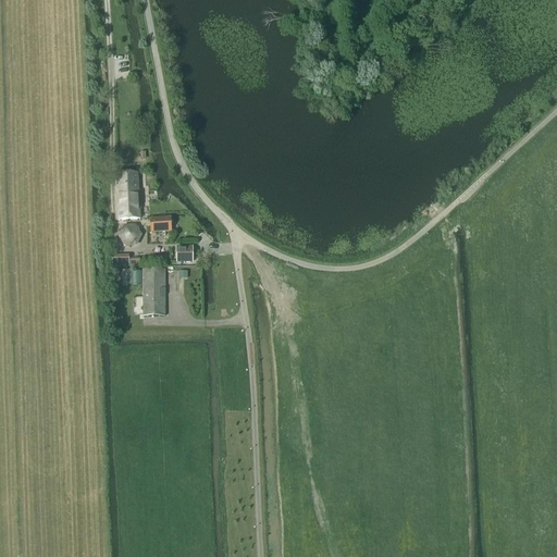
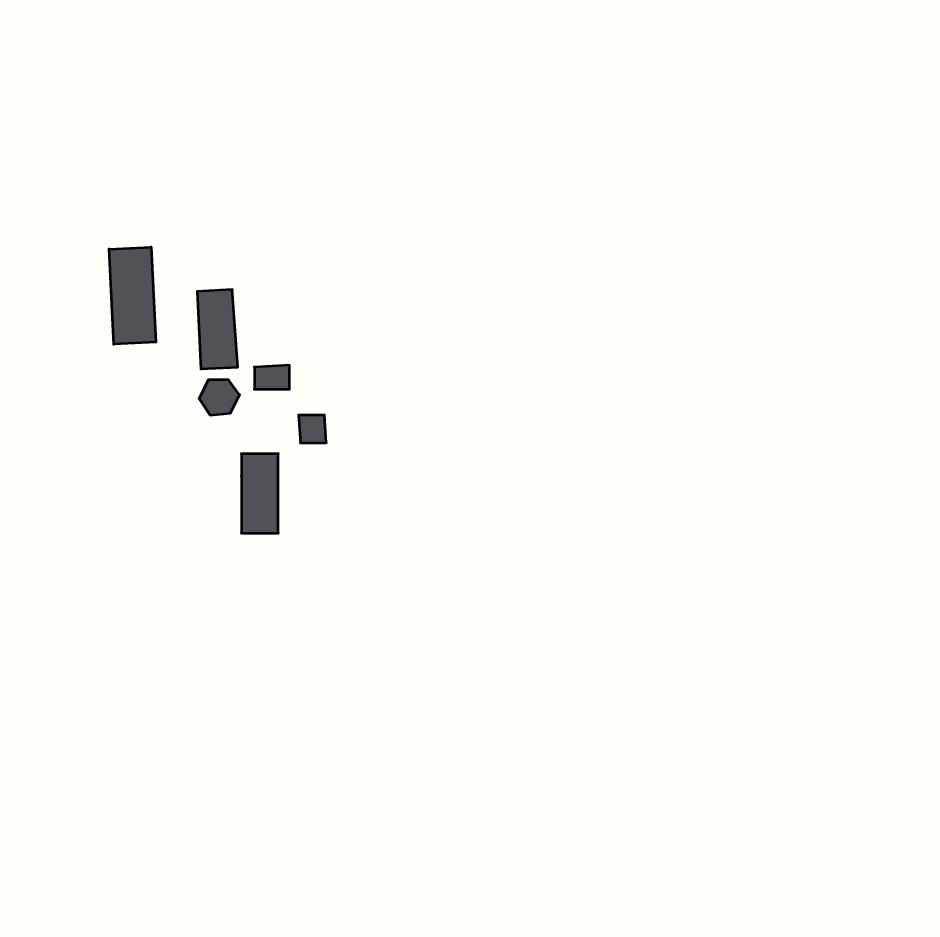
building: none -> [109,247,156,344]

